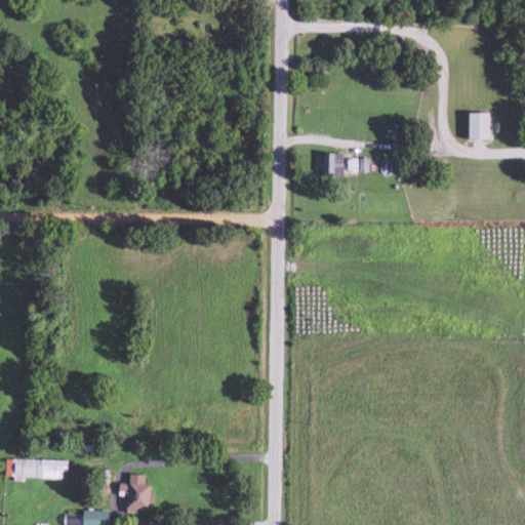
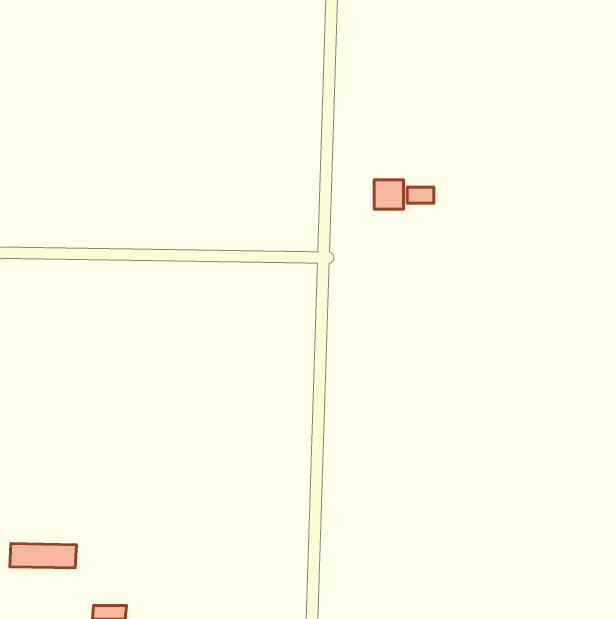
building: [467,113,492,138] -> none
building: [126,475,149,512] -> none

